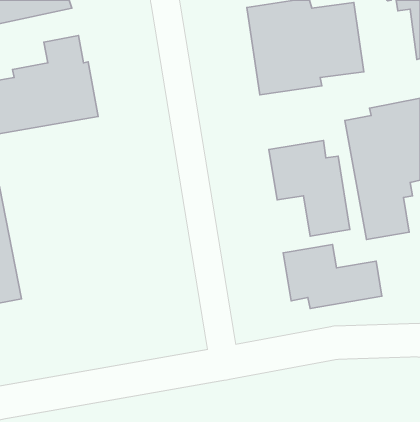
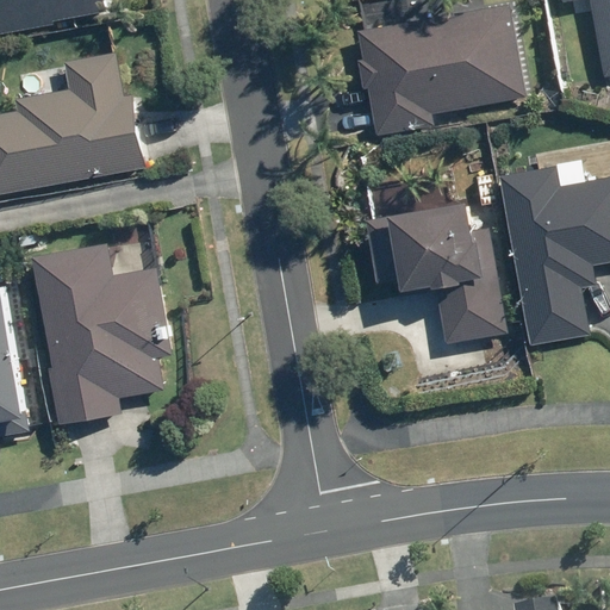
building: none -> [31,220,166,427]
building: [283,245,382,308] -> none

